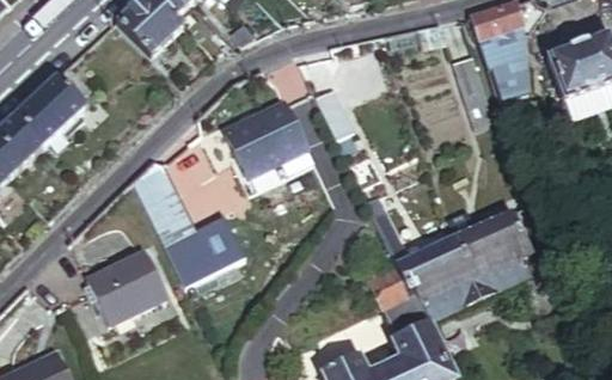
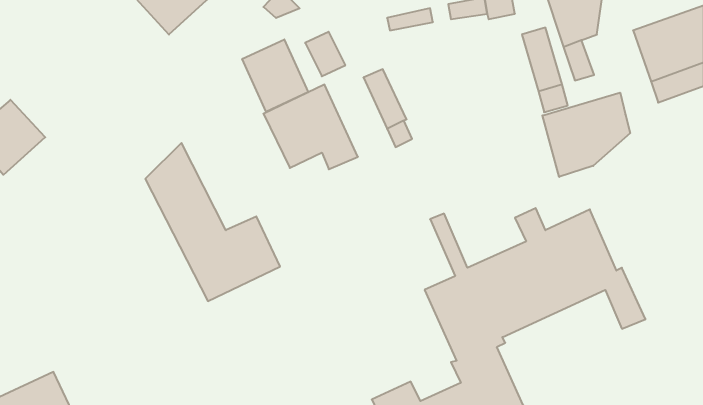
building: none -> [242,39,308,112]
building: [14,74,84,147] -> none
building: none -> [542,93,630,177]
building: [87,249,164,320] -> none

